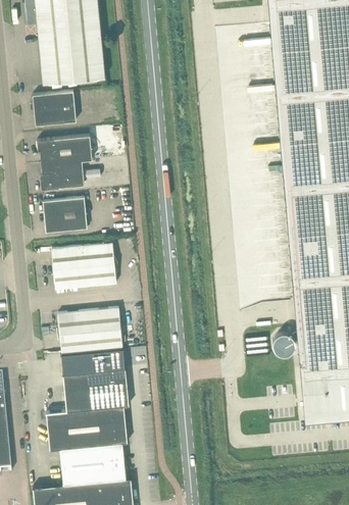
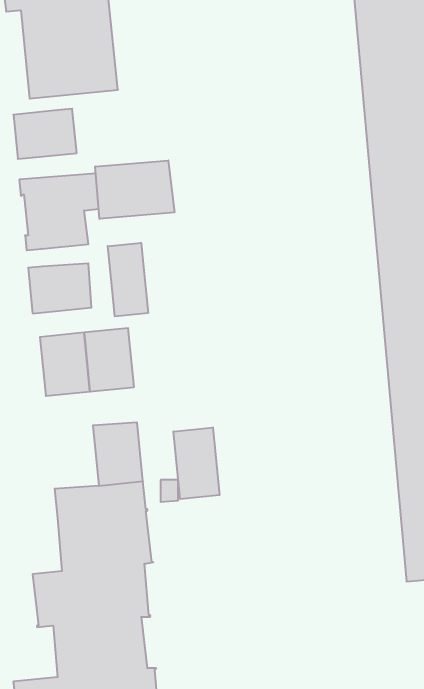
building: none -> [95,160,174,219]
building: none -> [108,243,148,316]
building: [57,309,92,353] -> none
building: none -> [173,427,220,499]

